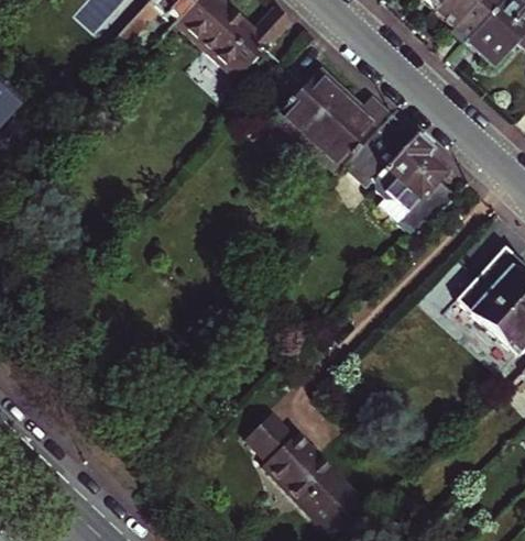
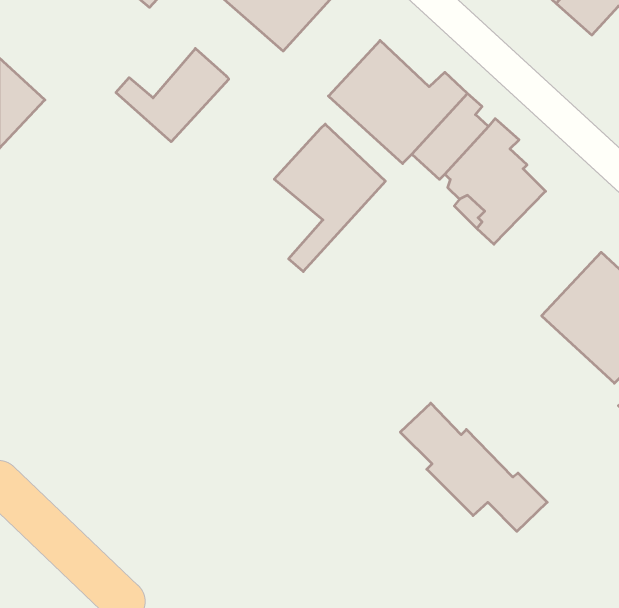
building: none -> [116,48,229,142]
building: none -> [274,124,385,272]
building: [256,424,379,531] -> [400,403,547,531]

